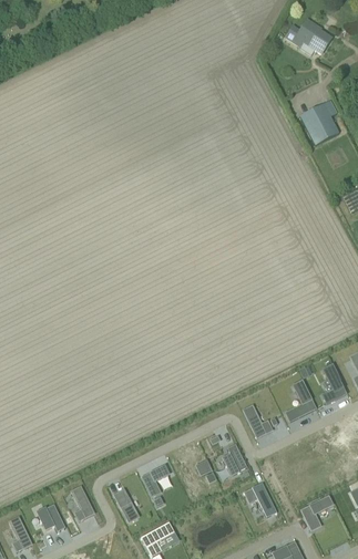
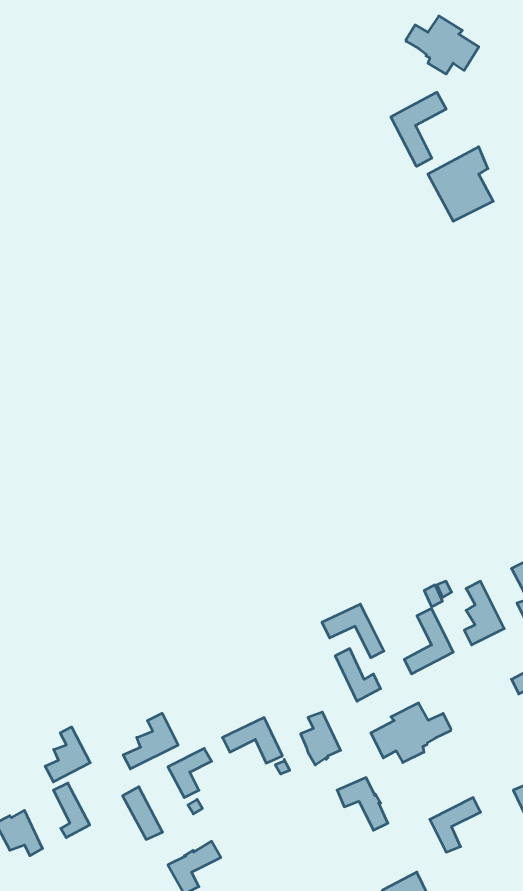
building: none -> [391,92,446,166]
building: none -> [322,604,384,658]
building: none -> [371,703,451,763]
building: none -> [123,713,178,769]
building: none -> [45,727,90,782]

